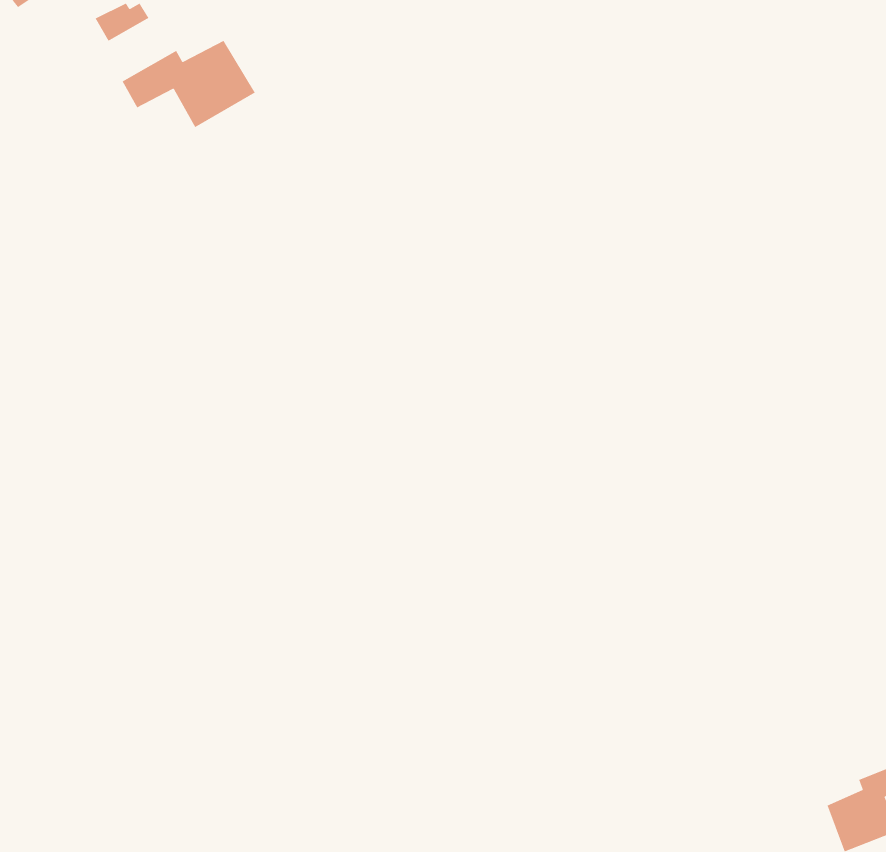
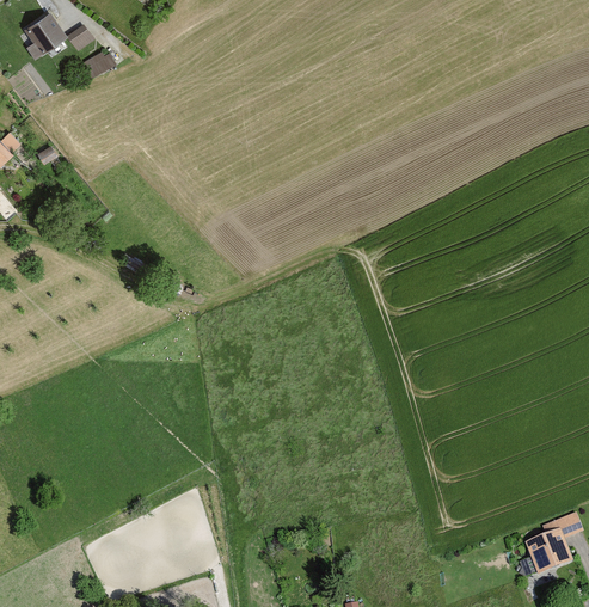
building: [122,40,256,128] -> none

